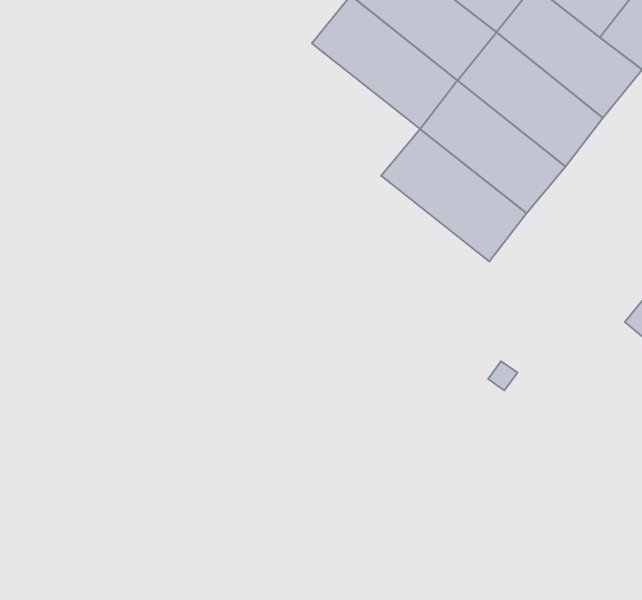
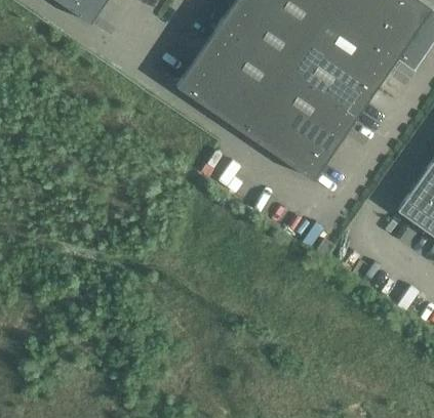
building: none -> [176,54,266,131]

